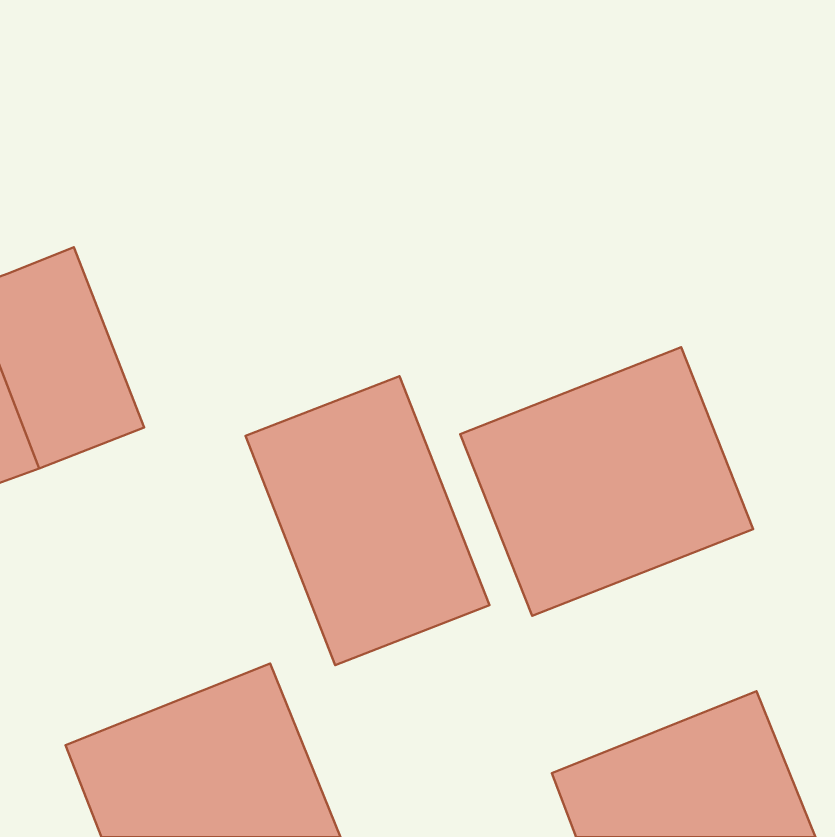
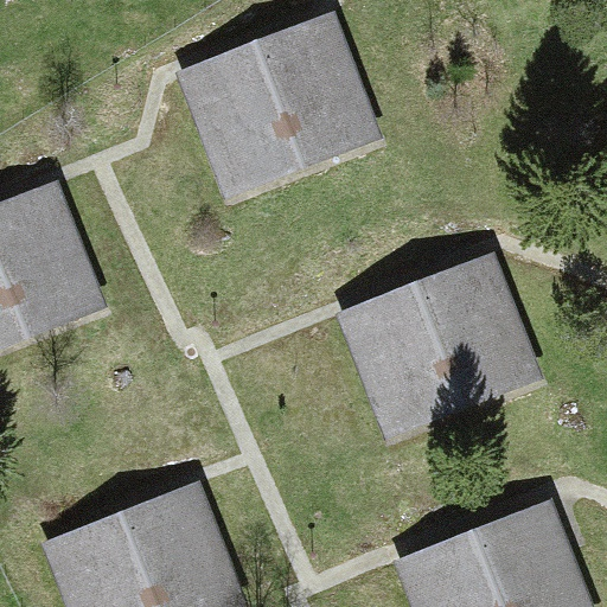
building: none -> [172,12,384,205]
building: [245,376,489,665] -> none

